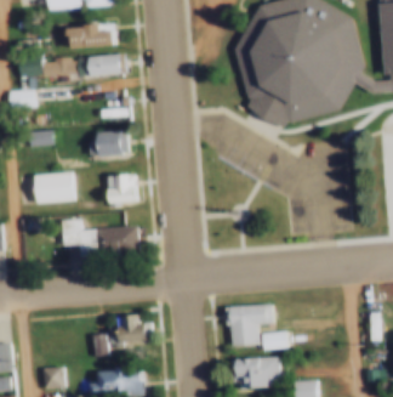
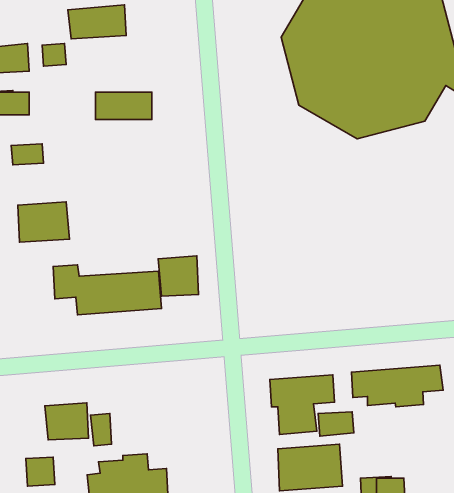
building: [78,57,125,79] -> none
building: [89,131,129,161] -> none
building: [108,175,138,205] -> [158,256,199,296]
building: none -> [351,365,443,407]
building: [119,314,152,342] -> [45,403,89,440]

